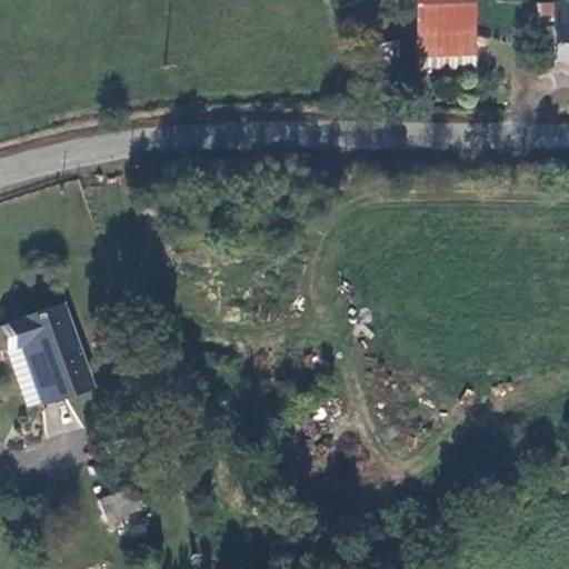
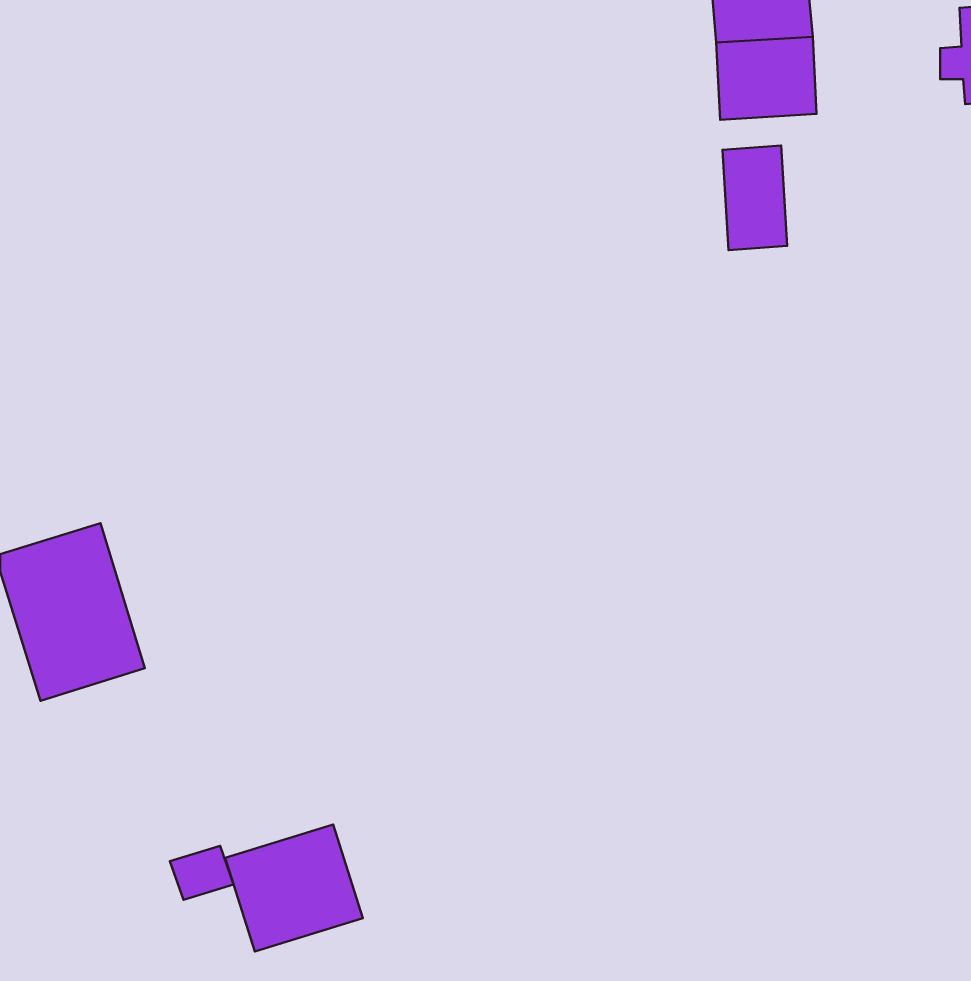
building: none -> [723,145,787,250]
building: none -> [225,824,363,952]

